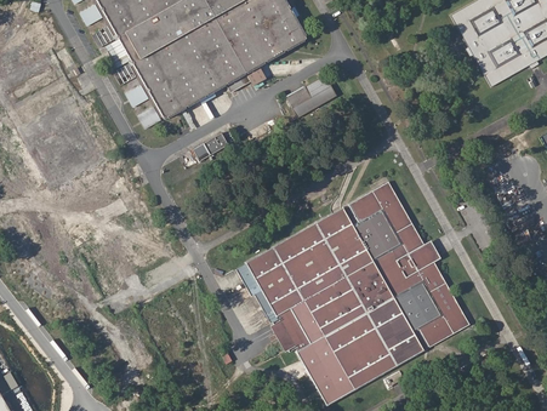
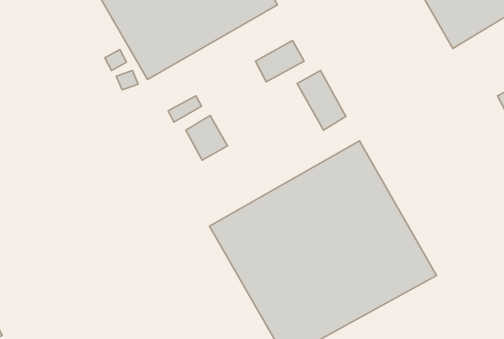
building: none -> [297,70,346,130]
building: none -> [186,115,228,160]

